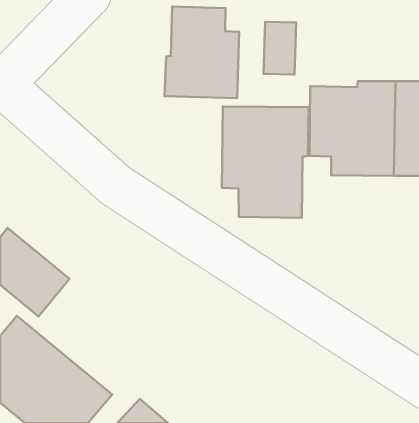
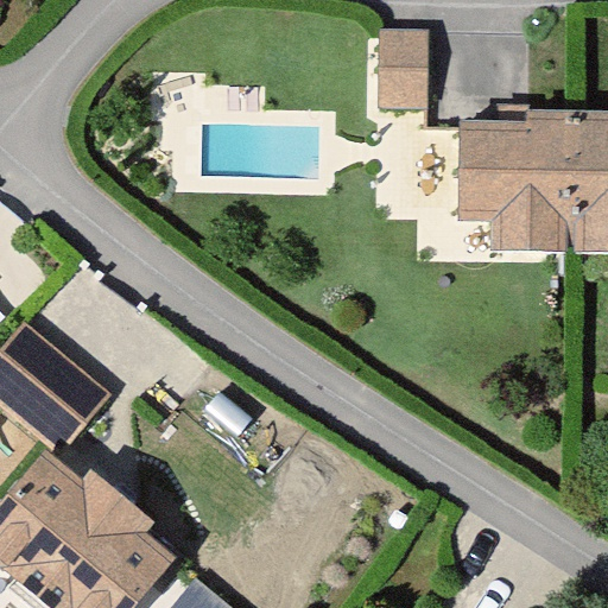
building: [165,6,239,98] -> none
building: [222,106,309,218] -> none

